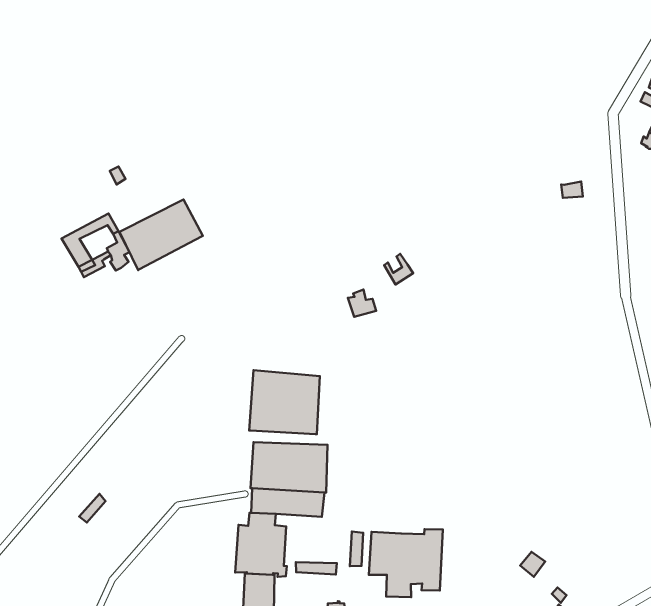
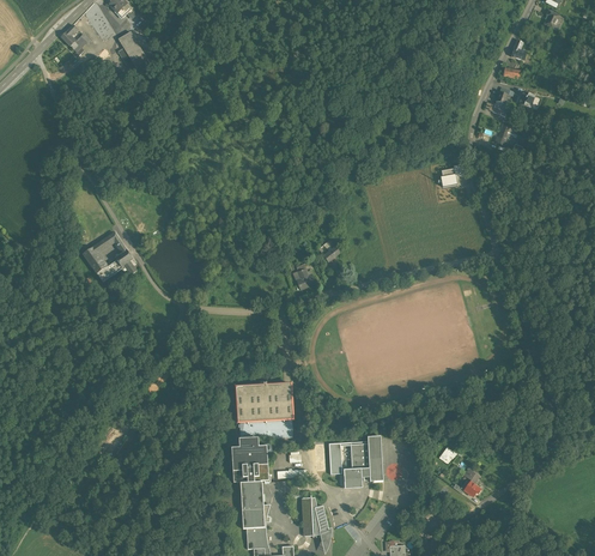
building: [119,200,203,270] -> none
building: [249,370,320,434] -> none

